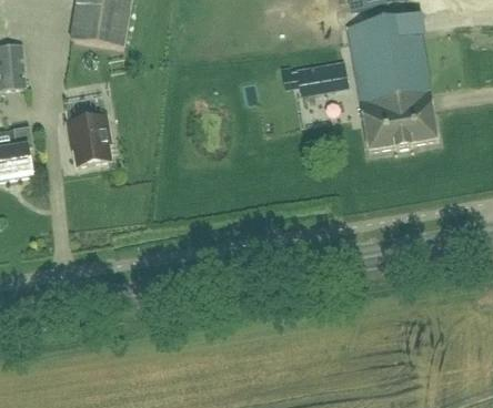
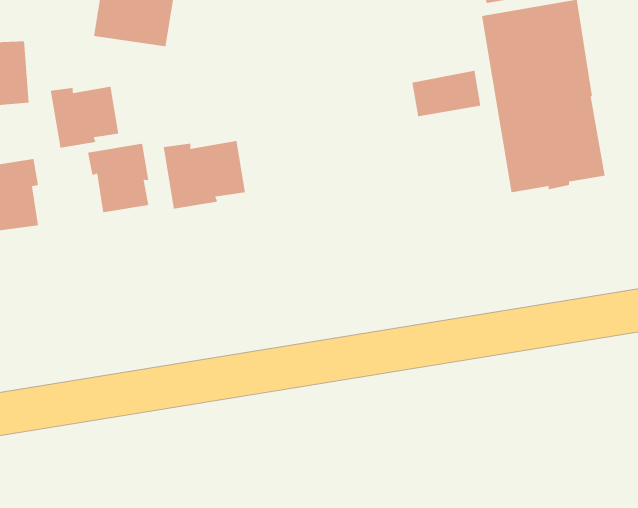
building: none -> [50,86,119,148]
building: none -> [163,140,246,209]

